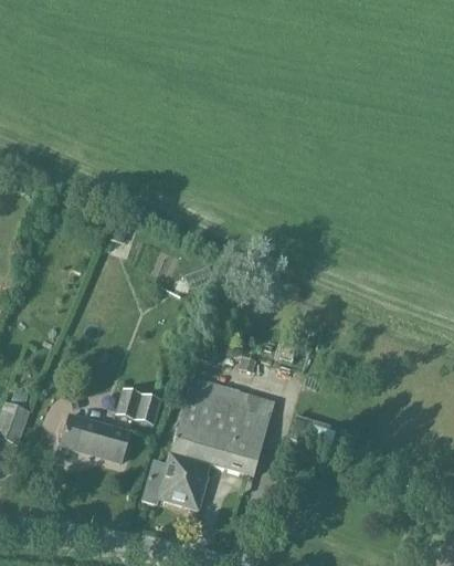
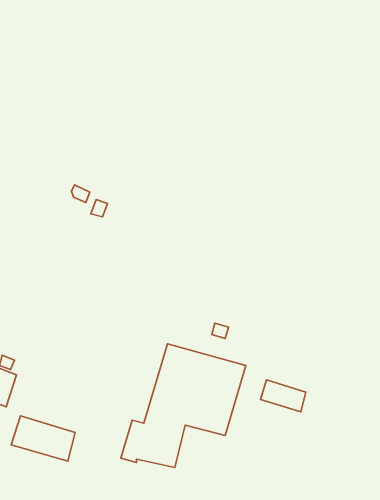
building: [114,389,160,427] -> none
building: [60,413,128,462] -> [11,416,75,461]

